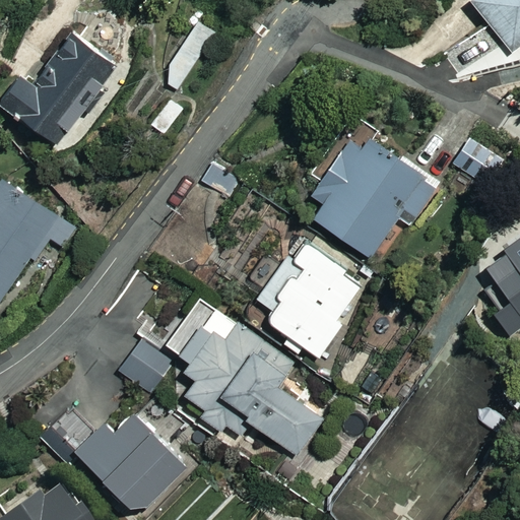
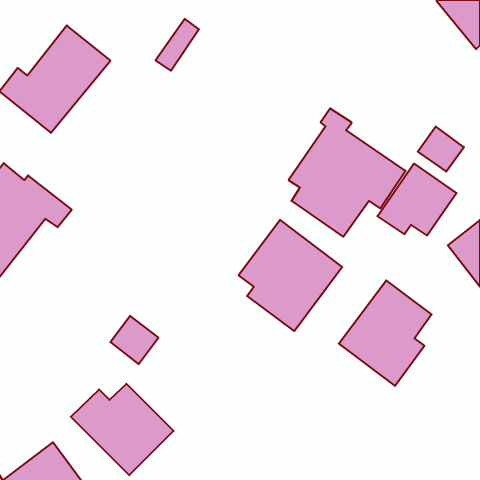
building: none -> [377,164,457,235]
building: [166,299,322,455] -> none
building: none -> [339,280,432,386]

